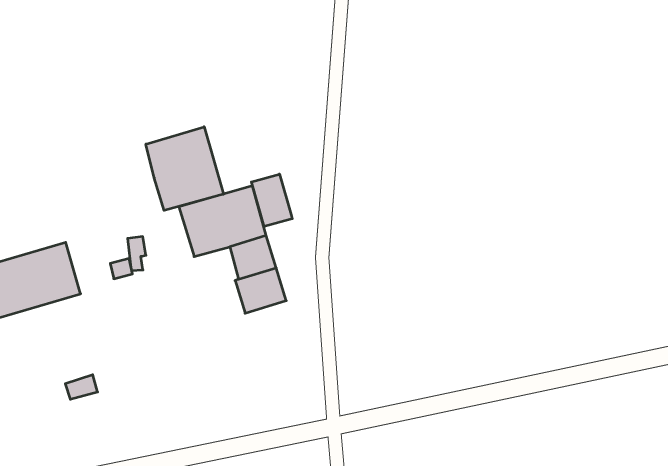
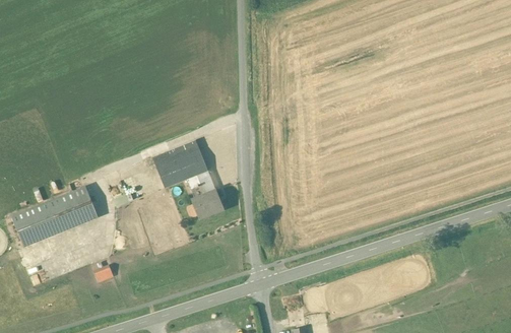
building: [146,127,223,210] -> none
building: [251,174,292,227] -> none

